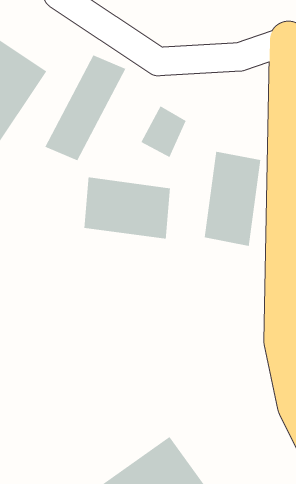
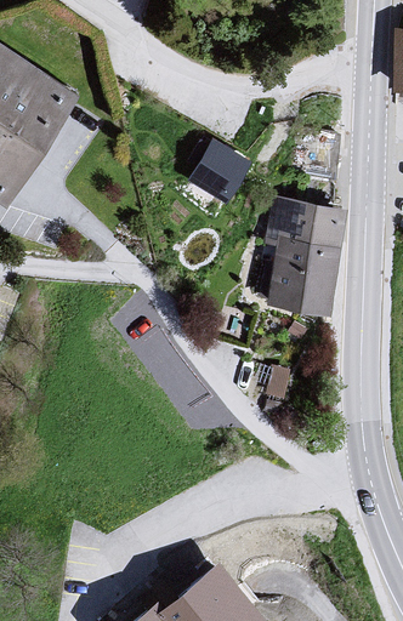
building: [44,55,126,161] -> none
building: [84,177,171,240] -> none

